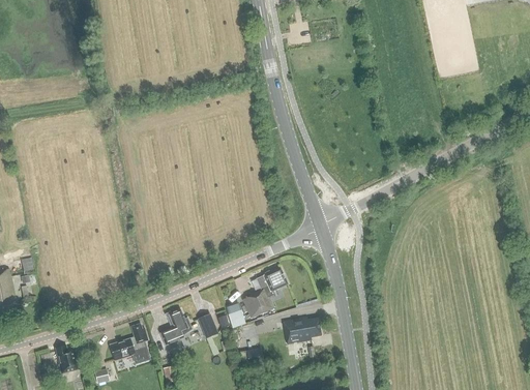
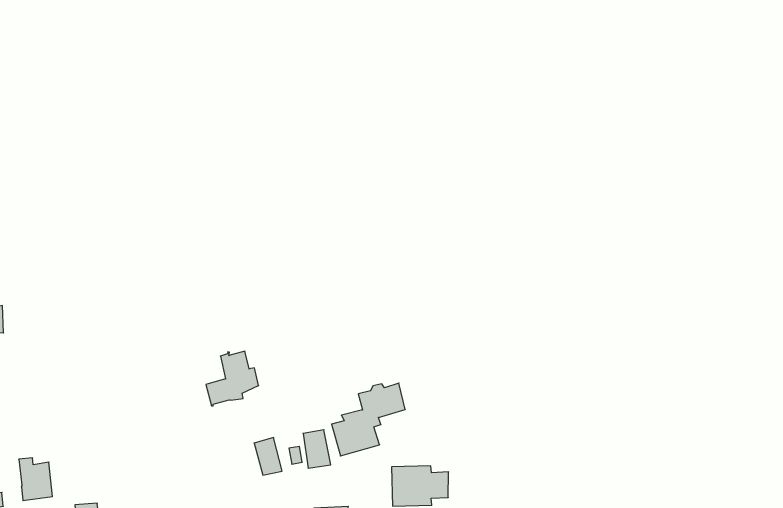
building: [159,309,192,346] -> [206,351,259,406]
building: [110,324,148,362] -> none

